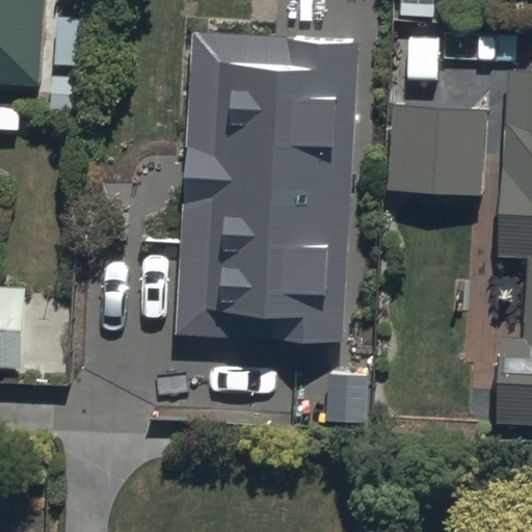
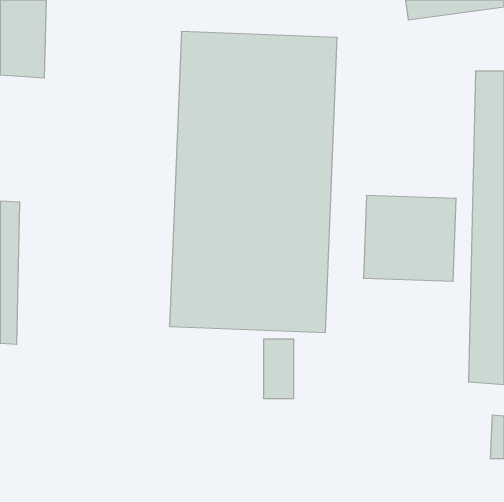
building: [387,99,484,189] -> [363,195,456,281]

